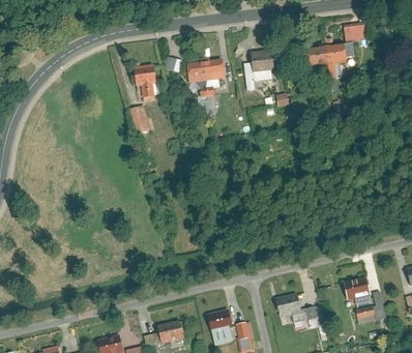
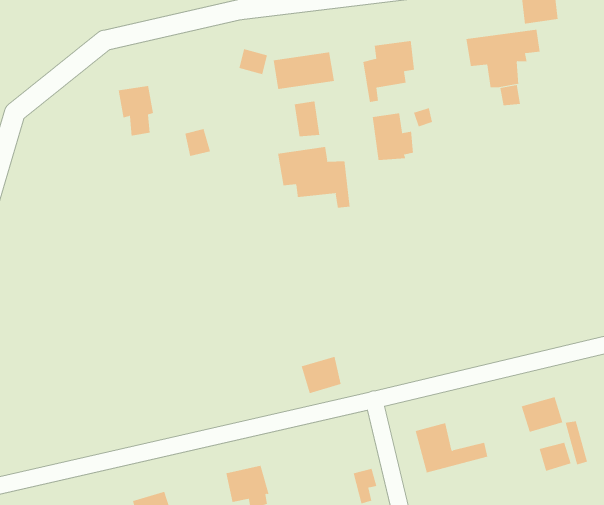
building: [133,63,155,95] -> [118,85,154,136]
building: none -> [372,113,414,161]
building: none -> [278,146,350,209]
building: [206,308,232,332] -> [301,356,342,394]

